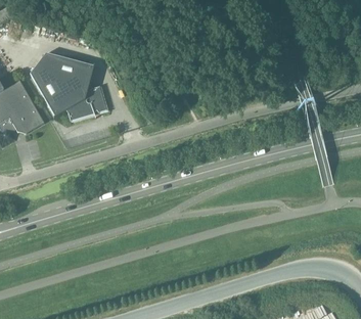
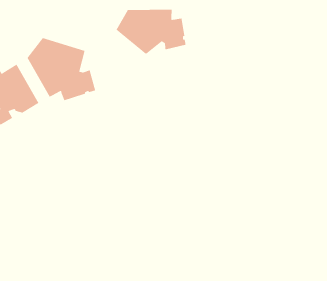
building: none -> [116,8,190,56]

